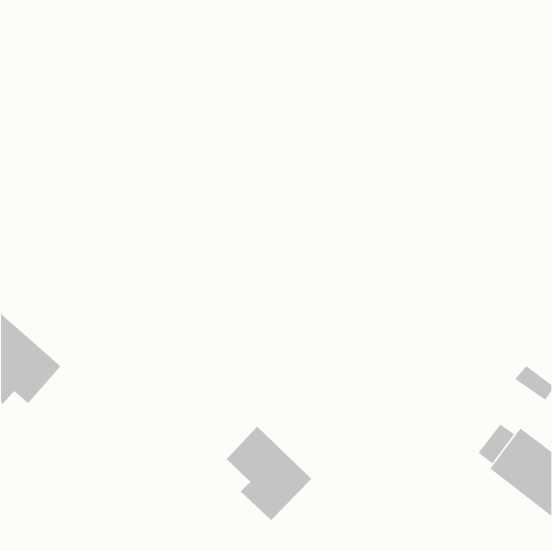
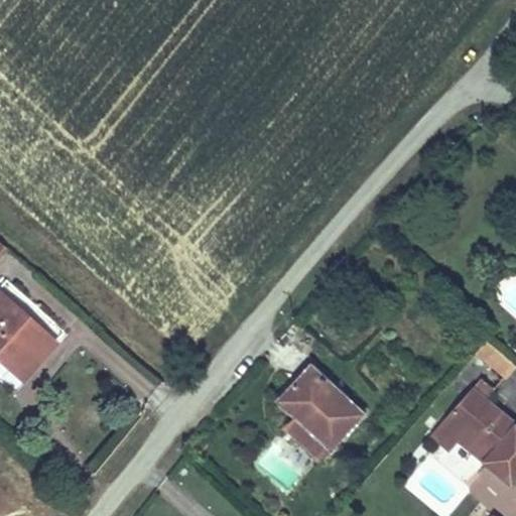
building: [226,426,312,521] -> [279,368,360,457]

